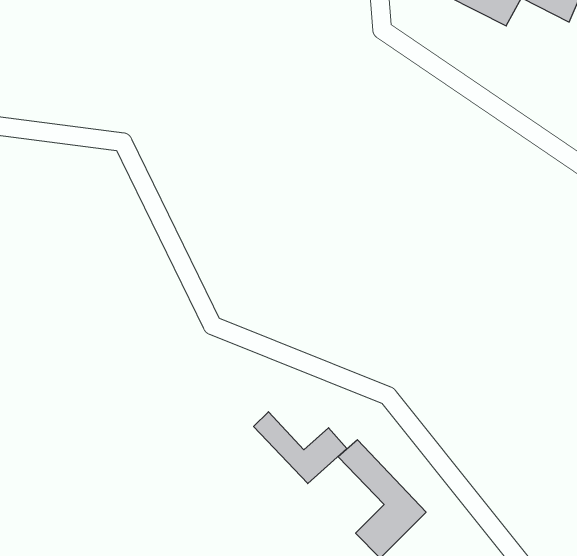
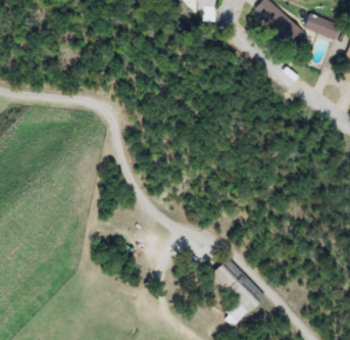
building: [254,412,347,484] -> none

